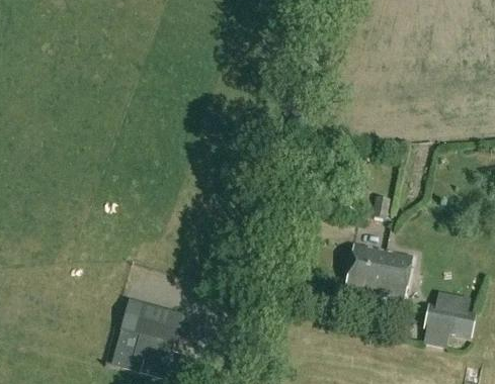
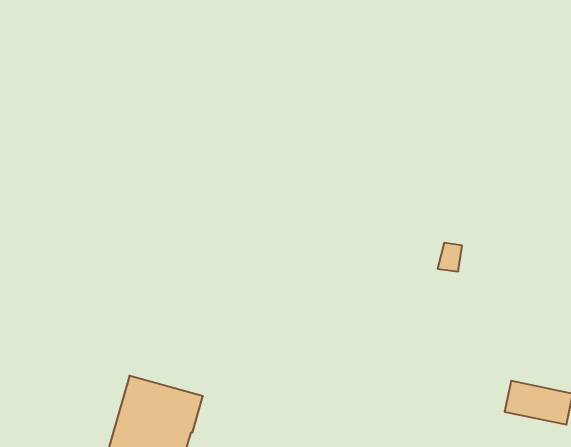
building: [345,243,413,297] -> none

